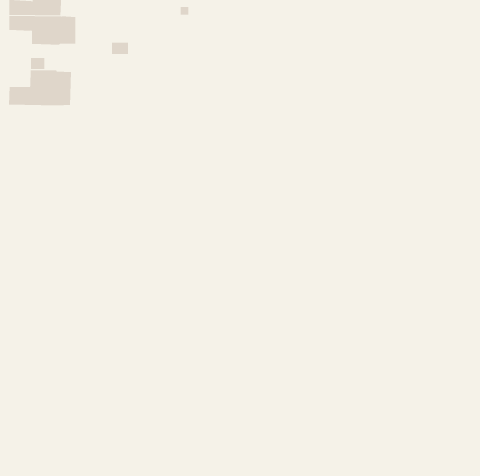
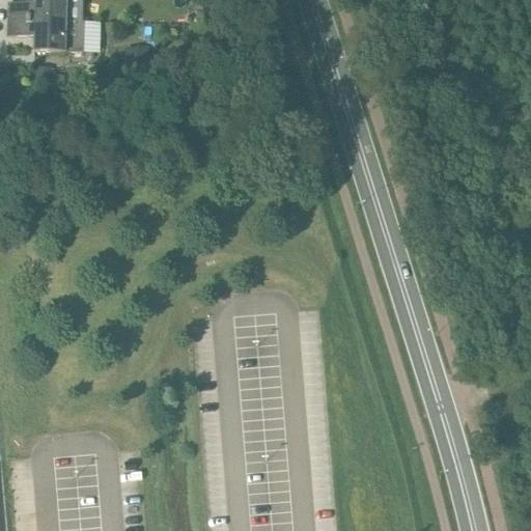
building: [8,70,72,106] -> none

